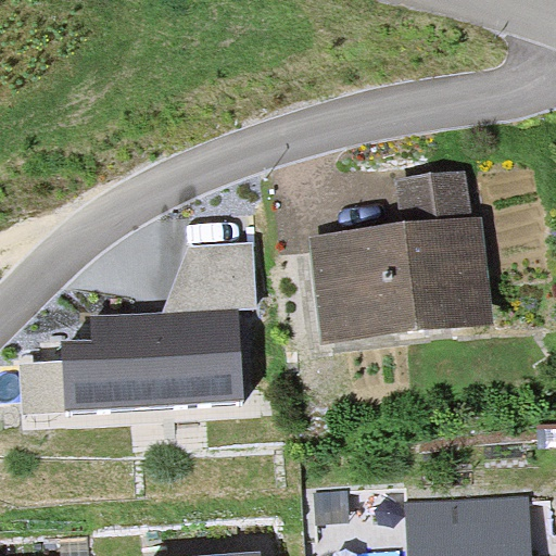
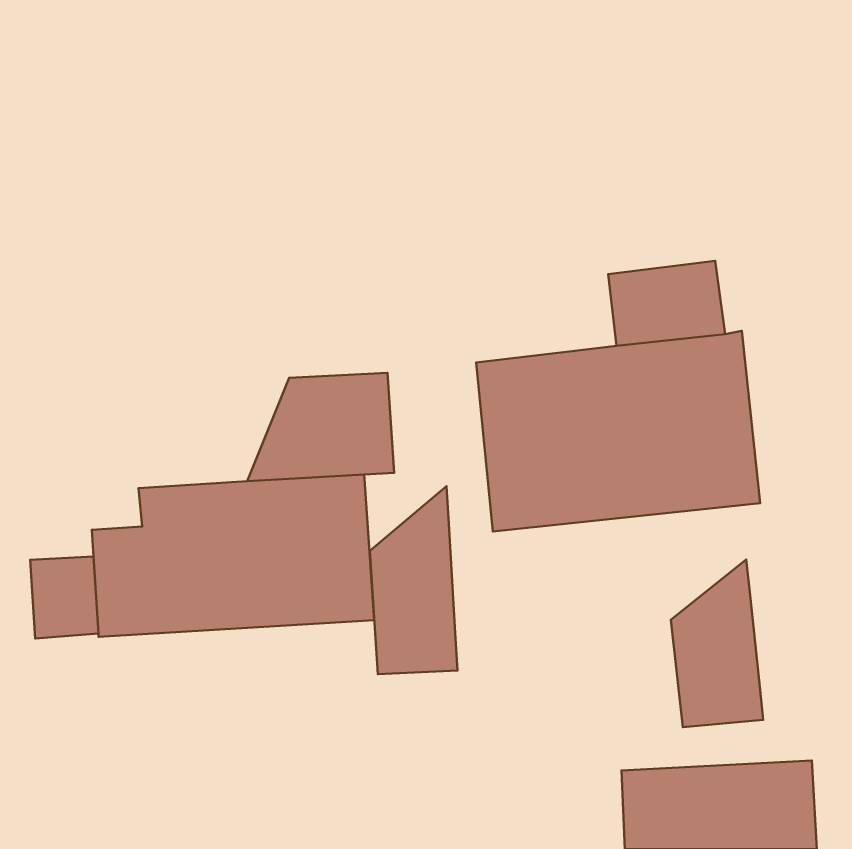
building: none -> [370,486,458,674]
building: none -> [671,559,763,727]

